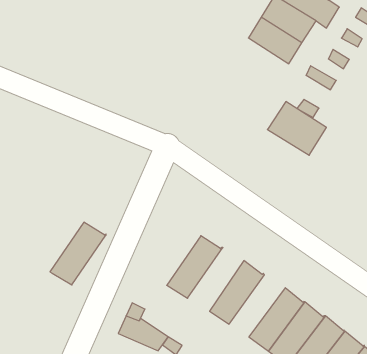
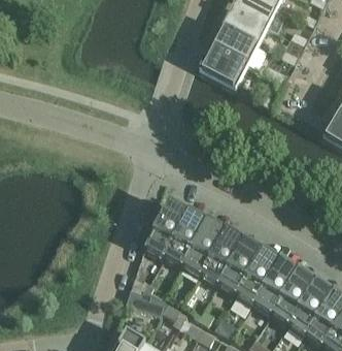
building: [267,102,326,155] -> [200,42,249,86]
building: [50,222,106,285] -> [144,203,189,257]
building: none -> [182,221,227,276]
building: none -> [219,241,264,294]

